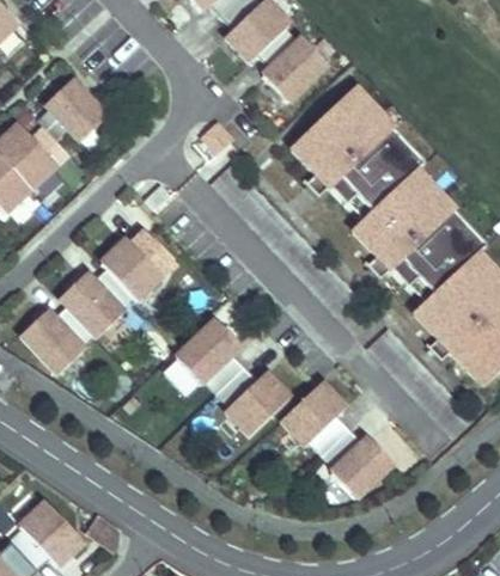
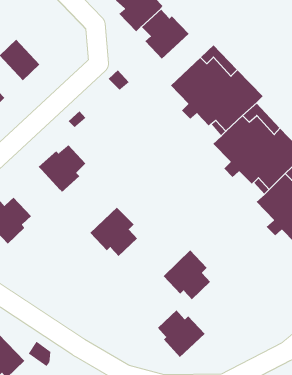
building: [60,265,133,335] -> none
building: [218,363,289,433] -> none
building: [323,425,392,495] -> [157,310,206,358]

